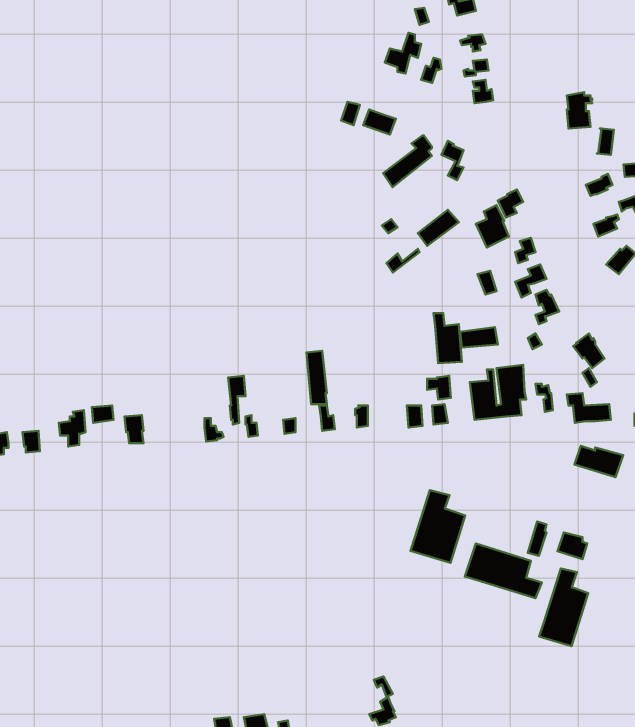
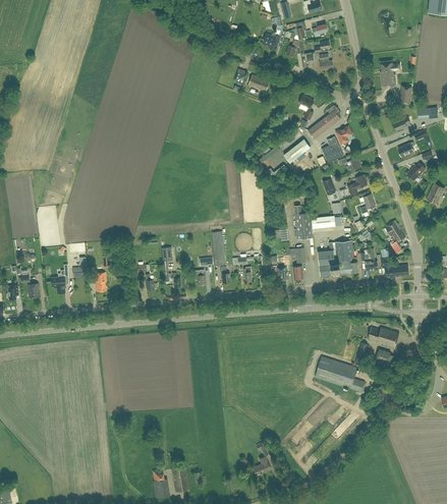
building: [383,136,432,187] -> [309,106,340,139]
building: [575,446,623,477] -> [368,327,399,347]
building: [410,490,465,563] -> none
building: [539,569,588,646] -> none

